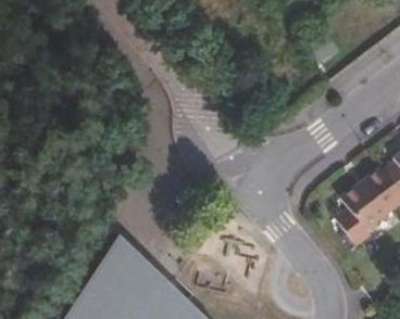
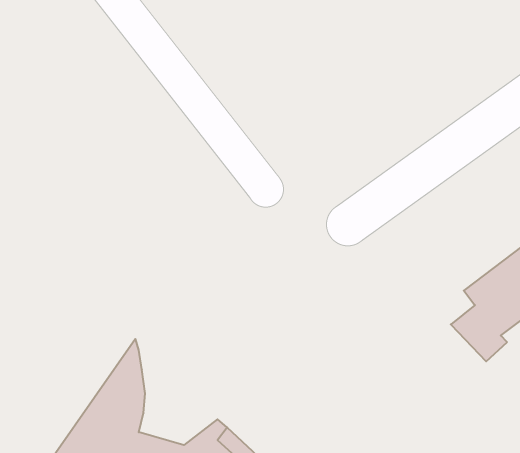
building: [122,239,177,310] -> none

